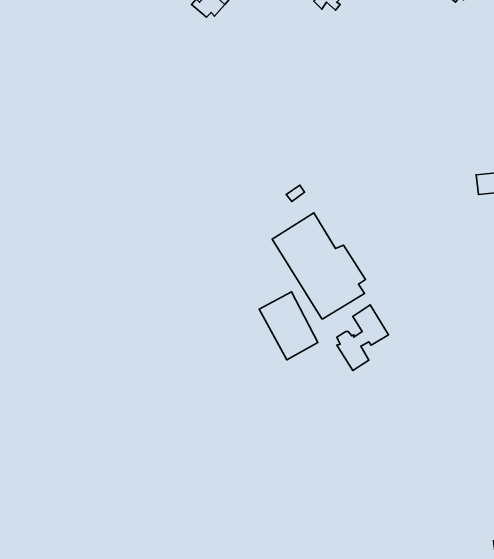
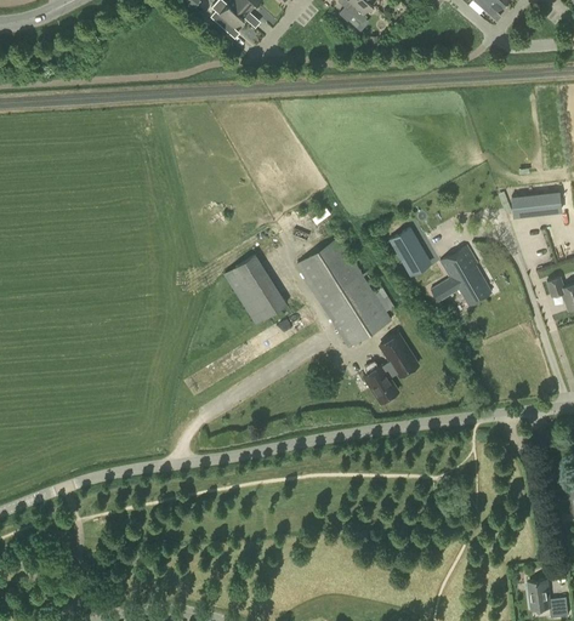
building: none -> [391,227,426,275]
building: none -> [428,245,493,306]
building: [259,292,318,360] -> [222,252,284,324]

